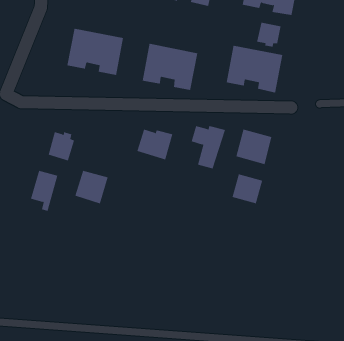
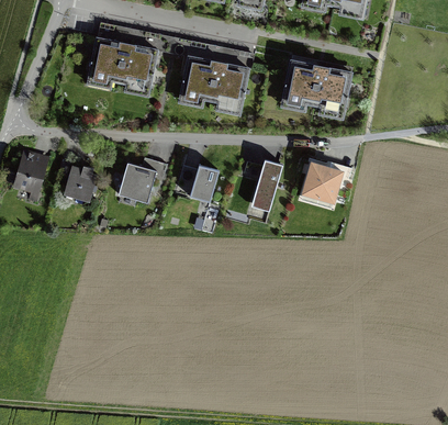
building: [256,22,281,48] -> none
building: [74,170,108,204] -> [112,164,154,205]
building: [30,170,58,211] -> [14,149,48,200]
building: [232,174,263,204] -> none

